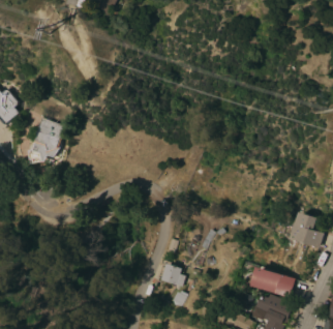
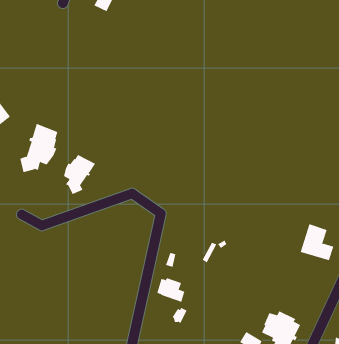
building: none -> [64,154,96,195]
building: [251,267,295,298] -> none

